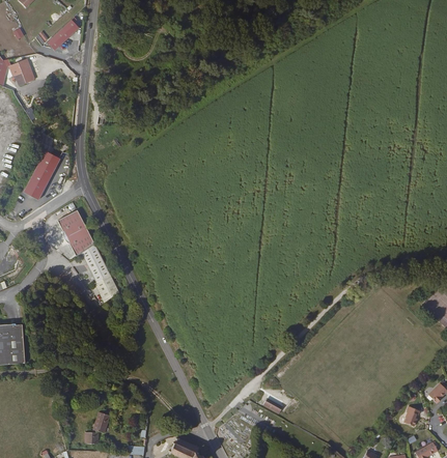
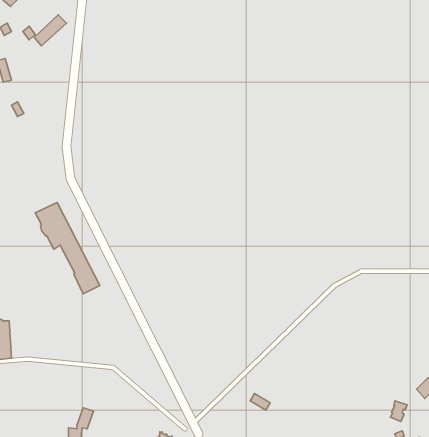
building: [25,151,61,201] -> none

